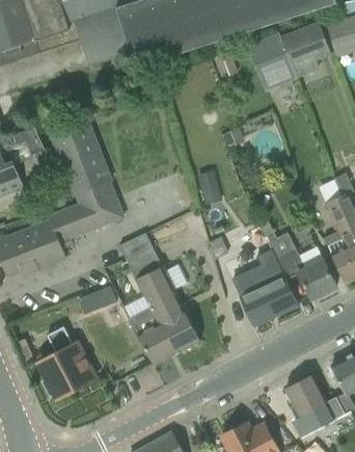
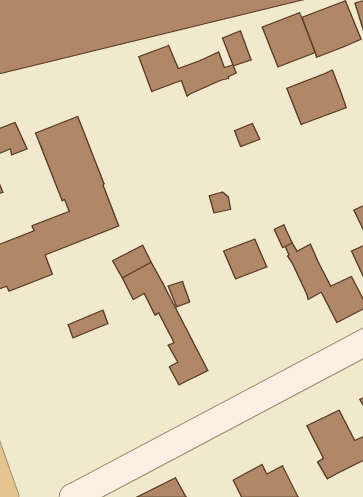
building: none -> [139,45,236,96]
building: none -> [287,70,346,125]
building: [233,248,299,326] -> none
building: [130,274,175,365] -> none
building: [42,327,95,398] -> none

